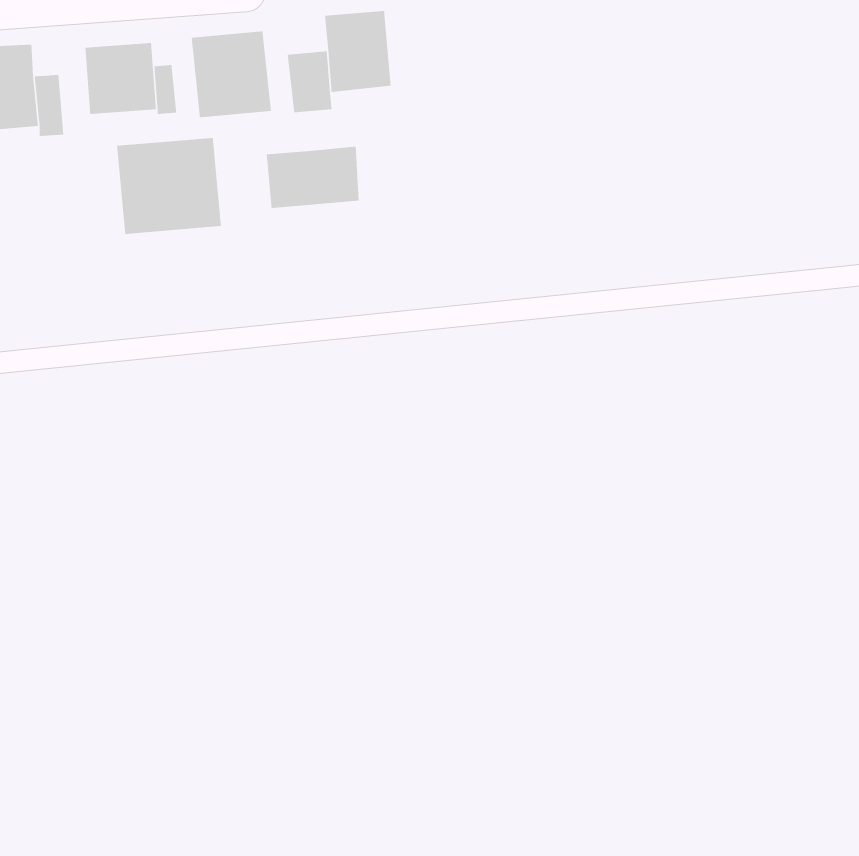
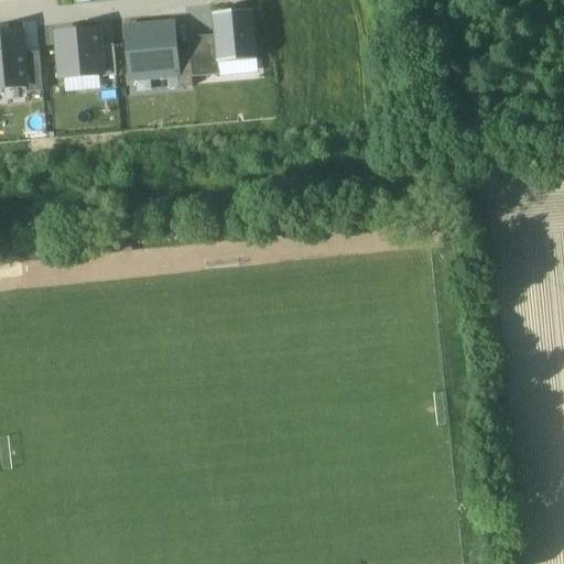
building: [116,137,222,235] -> none
building: [266,146,360,209] -> none

